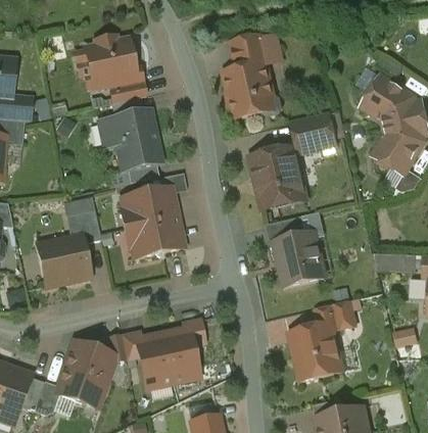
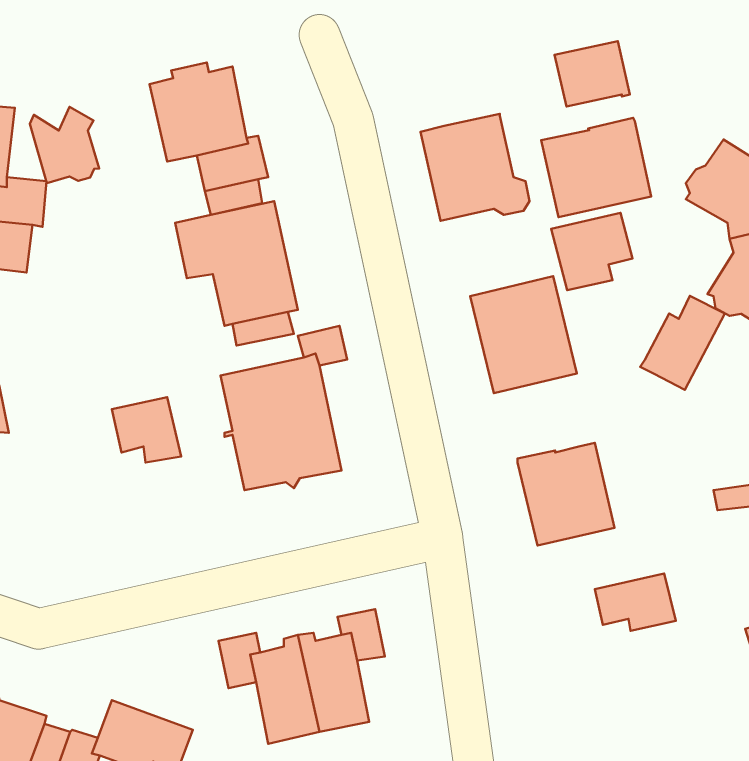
building: [231,35,270,68] -> [555,41,630,106]
building: none -> [30,107,99,183]
building: none -> [541,118,651,217]
building: none -> [640,296,725,390]
building: [267,215,306,242] -> none
building: [37,234,90,286] -> none
building: [290,323,343,380] -> none
building: [65,340,114,380] -> none

